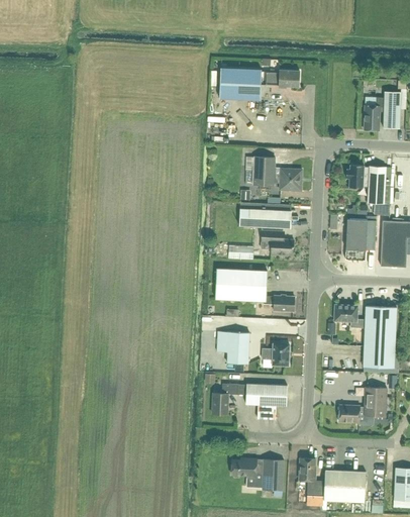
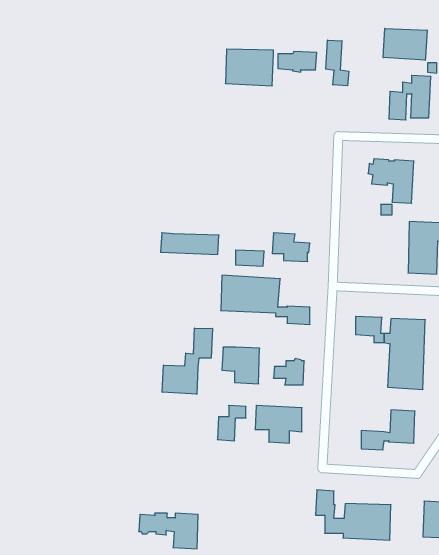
building: none -> [383,28,427,60]
building: none -> [326,40,349,86]
building: [253,157,302,191] -> none
building: [239,208,291,227] -> [161,233,219,254]
building: [345,216,377,261] -> none
building: none -> [162,328,212,394]
building: [231,458,284,490] -> [139,513,198,549]

